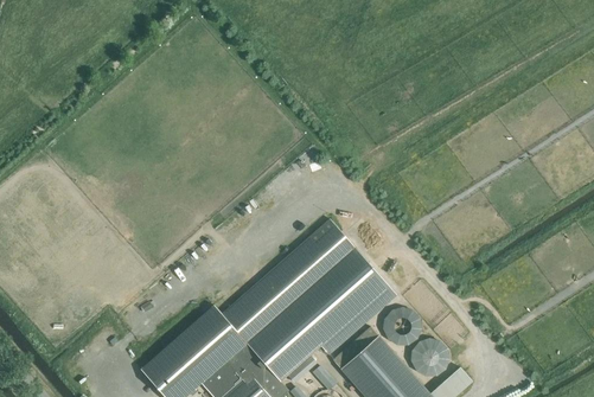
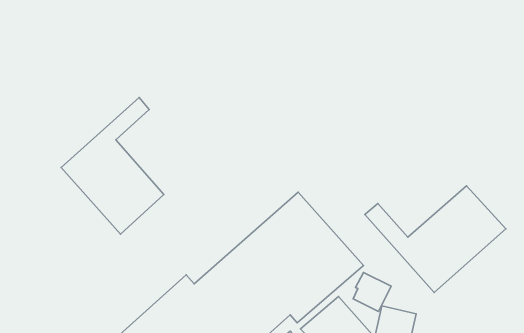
building: none -> [61,98,164,234]
building: none -> [365,186,506,292]

